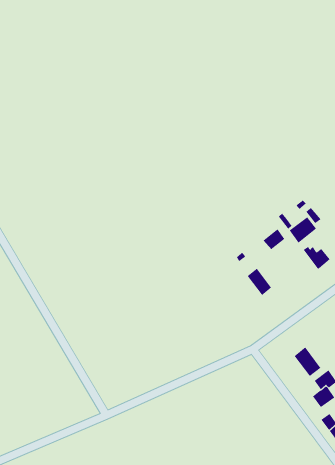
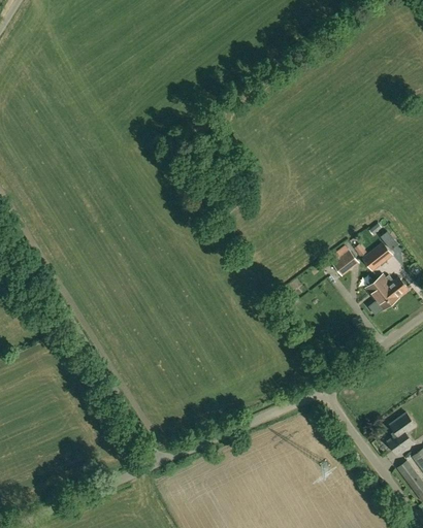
building: [247,268,272,296] -> [366,278,394,309]
building: [294,346,321,377] -> none

